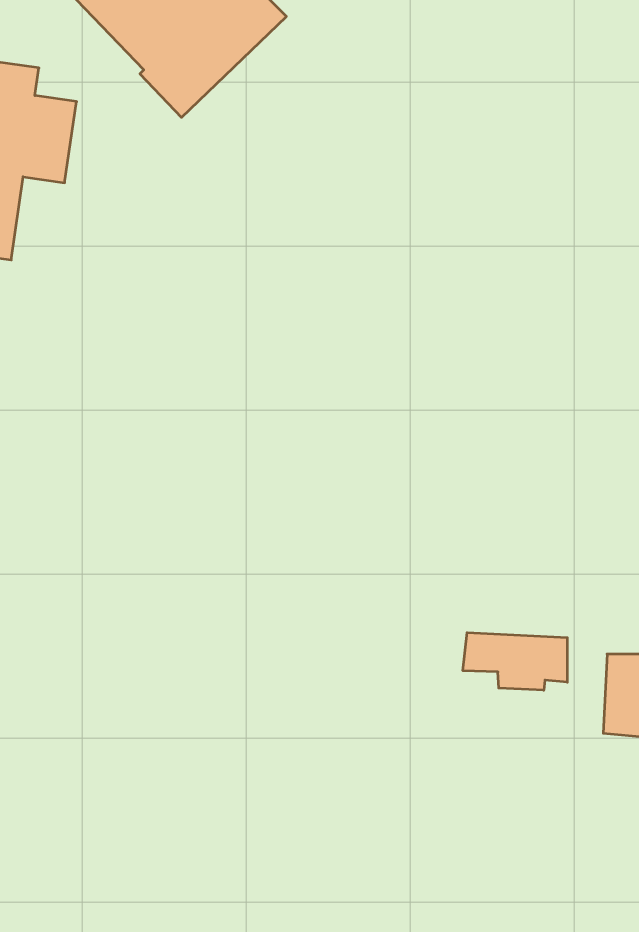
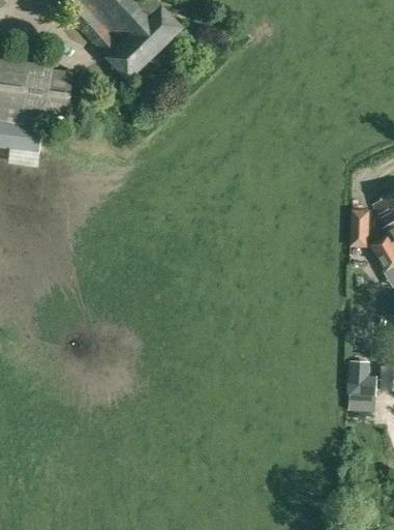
building: [463,633,567,690] -> none

